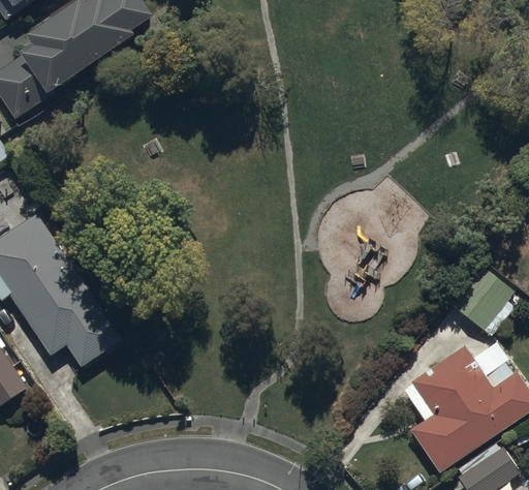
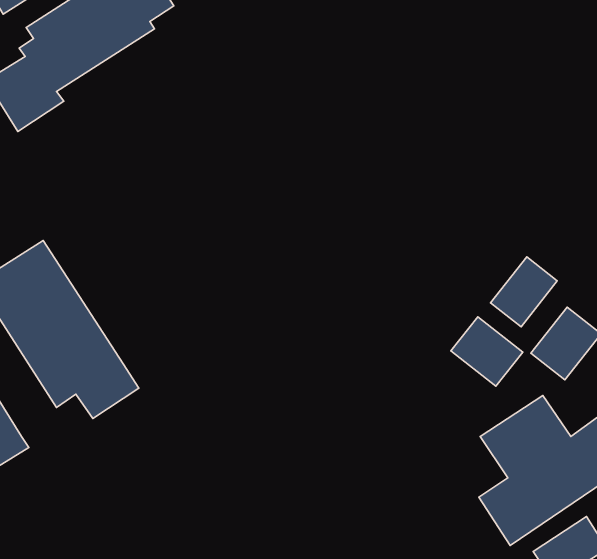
building: none -> [491,257,557,327]
building: none -> [451,317,523,386]

